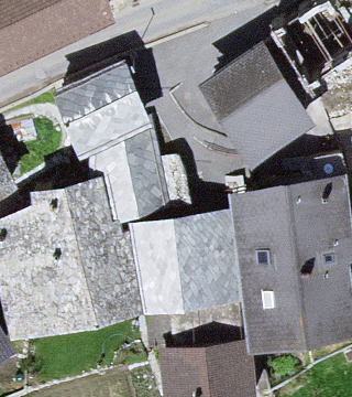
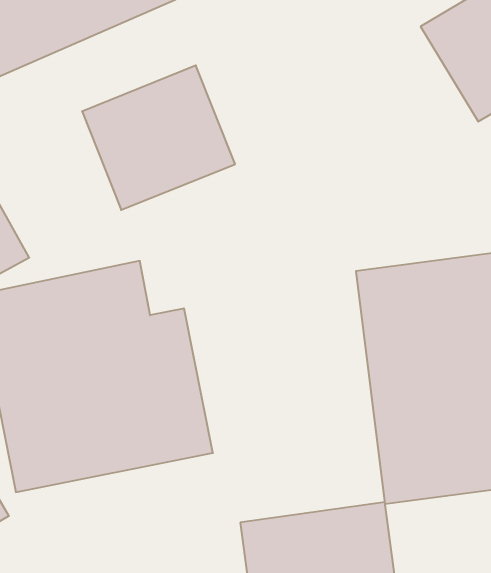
building: [202,54,310,171] -> none
building: [92,128,169,219] -> none
building: [135,214,221,311] -> none

